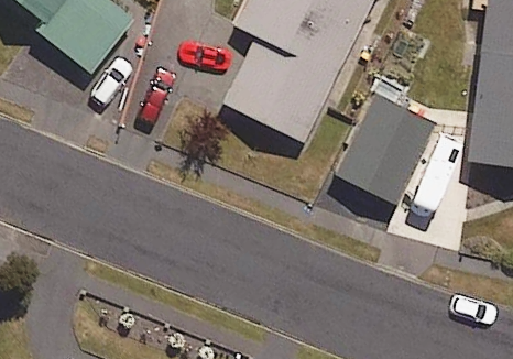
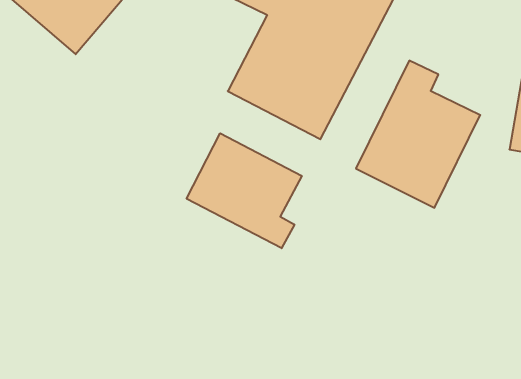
building: none -> [187,133,302,248]

